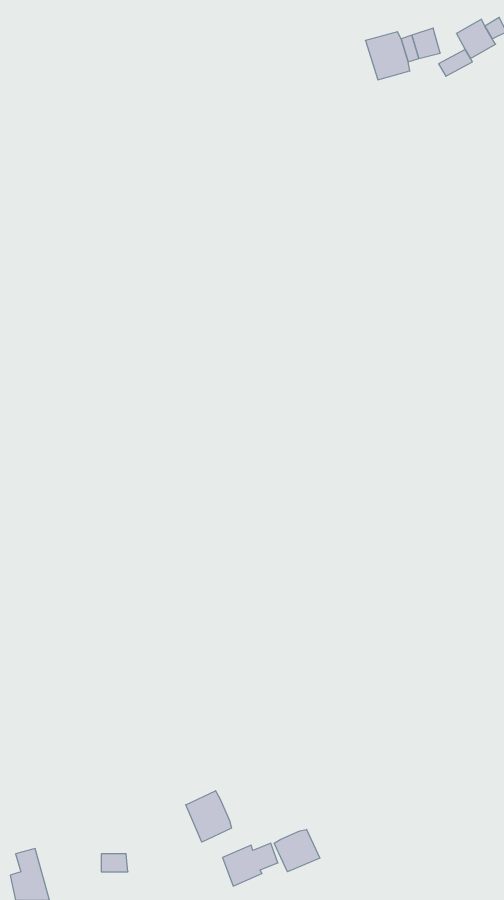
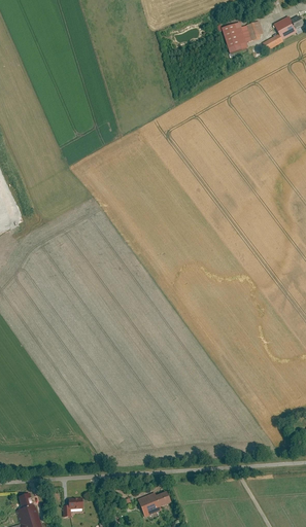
building: [186,791,231,842] -> none
building: [274,829,320,872] -> none

